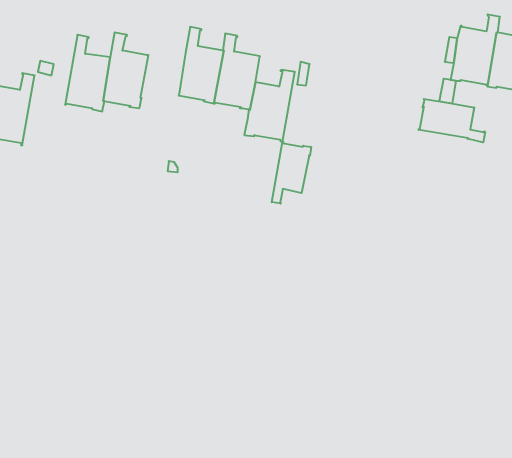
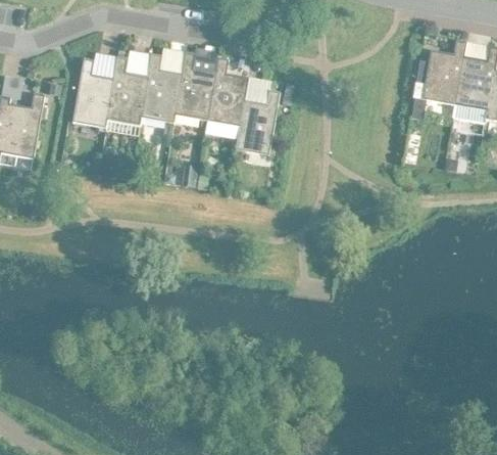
building: none -> [141,54,182,123]
building: [419,99,485,142] -> none
building: [272,142,311,204] -> none

